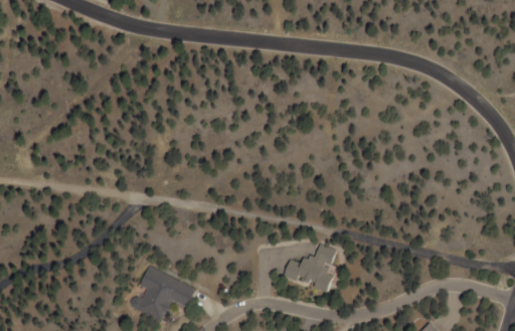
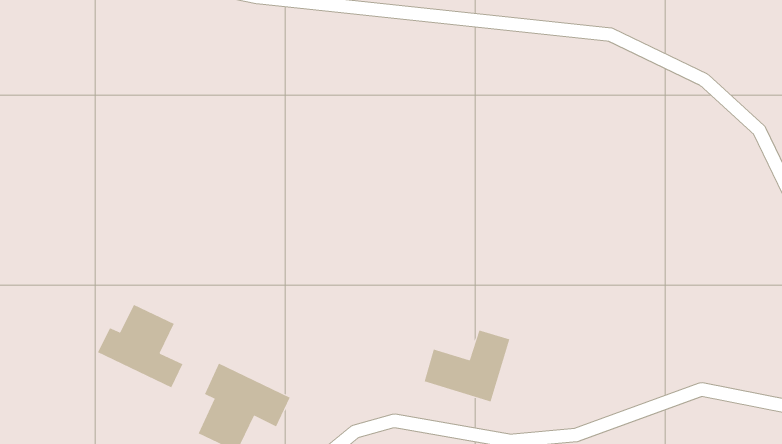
building: none -> [97,304,183,388]

